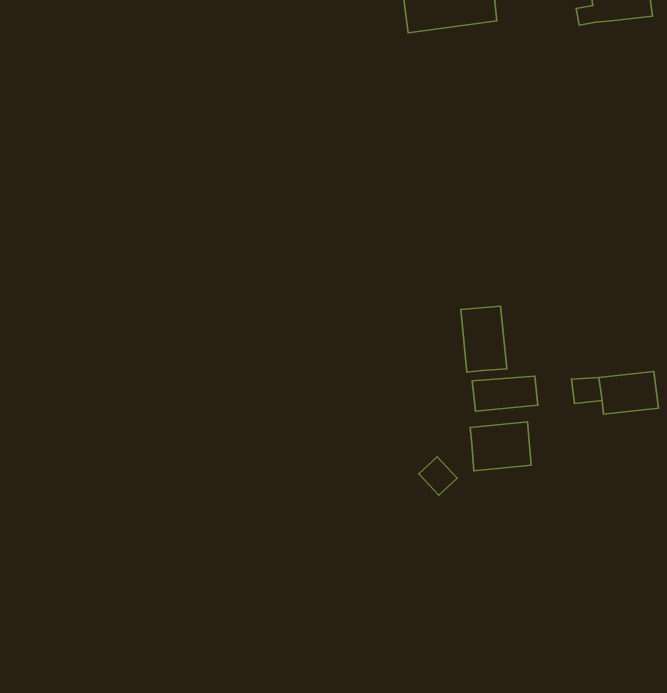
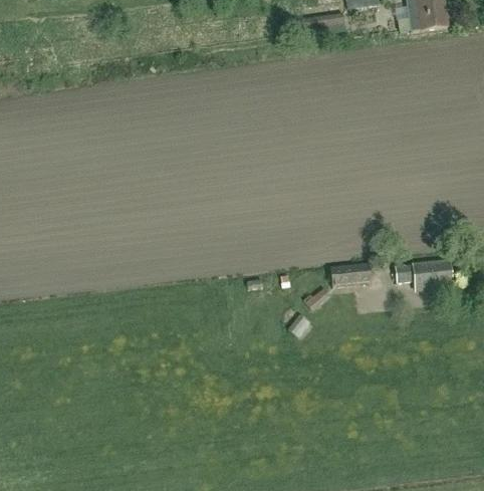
building: [461,306,507,372] -> none
building: [470,422,531,471] -> none

